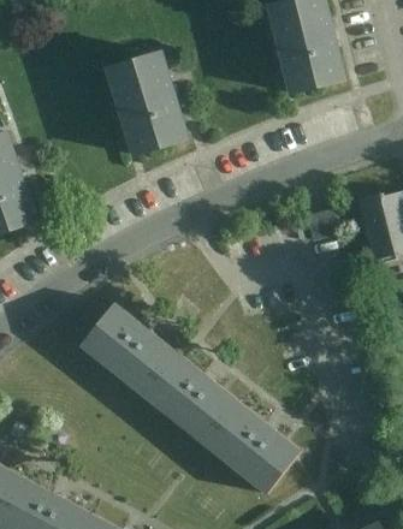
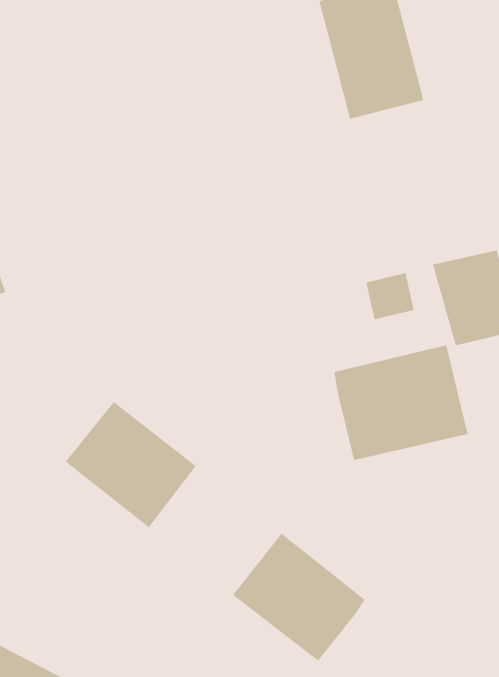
building: [108,52,189,155] -> none
building: none -> [334,345,468,461]
building: [143,350,241,445] -> none

